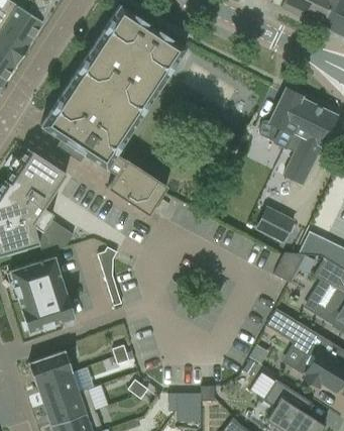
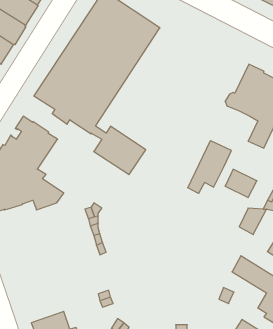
building: none -> [188,141,231,193]
building: [9,255,75,332] -> none
building: [29,349,74,384] -> none

